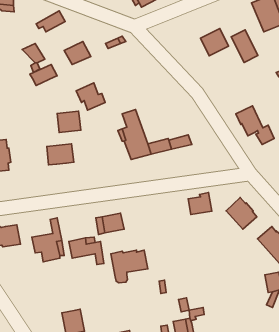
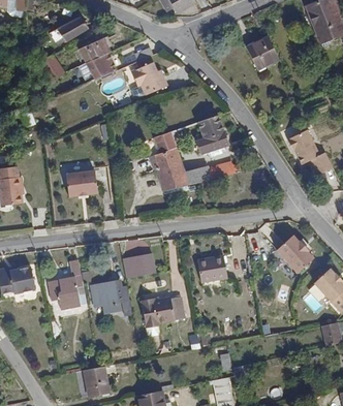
building: [231,30,258,63] -> none
building: [30,64,57,86] -> [79,37,111,62]
building: [76,83,105,110] -> [132,62,166,94]
building: none -> [195,115,227,153]
building: [57,111,81,133] -> none
building: [188,193,212,215] -> [198,255,226,281]

